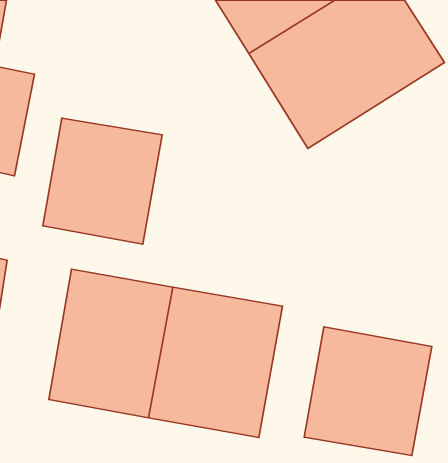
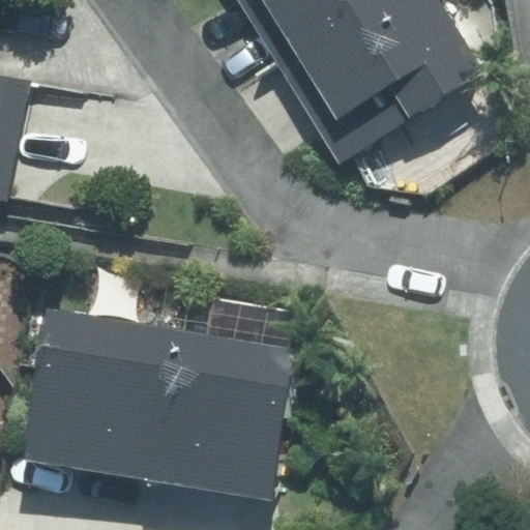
building: [43,118,162,244] -> none
building: [304,327,432,455] -> none

